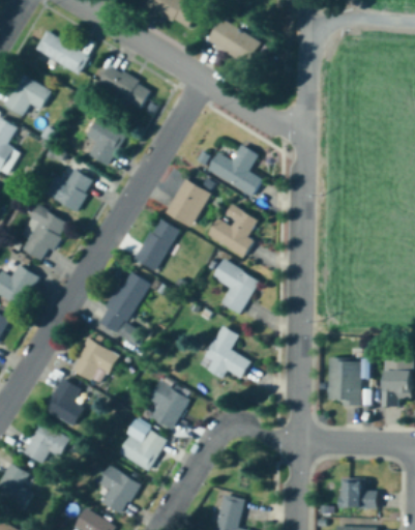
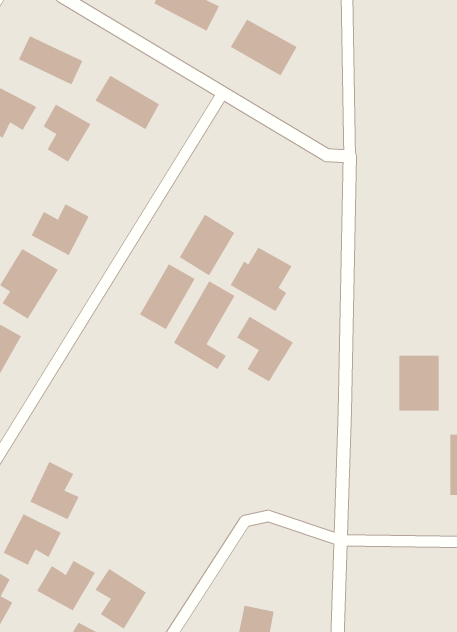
building: [86,117,125,165] -> [43,104,91,162]
building: [207,144,263,196] -> none
building: [98,271,149,344] -> [173,281,236,370]
building: [204,326,251,380] -> none
building: [71,338,117,385] -> none
building: [328,359,361,405] -> [399,355,439,411]
building: [148,382,188,430] -> none
building: [118,429,167,470] -> [36,560,96,611]
building: [343,477,378,508] -> none

